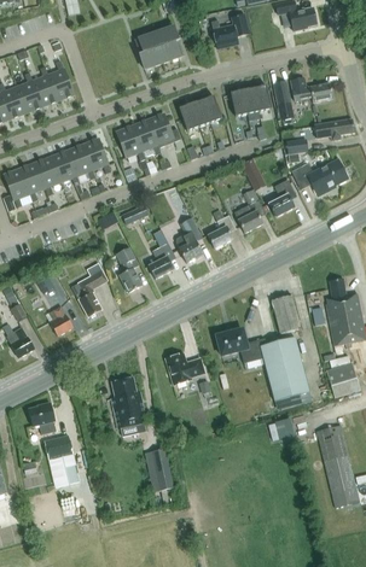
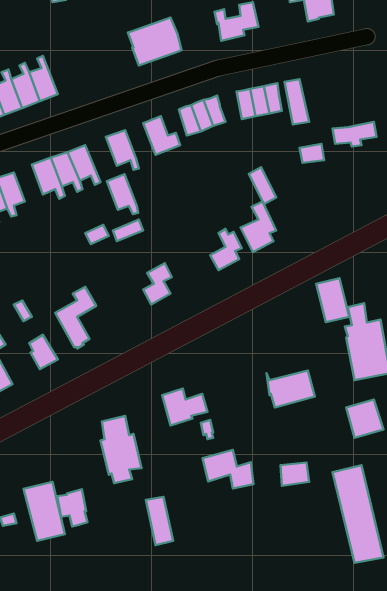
building: [290,78,332,104] -> none
building: [133,119,161,154] -> [107,174,138,214]
building: [35,156,60,195] -> none
building: [292,159,348,195] -> none
building: [269,180,296,217] -> none
building: [176,217,203,263] -> none
building: [116,247,143,292] -> none
building: [272,294,301,333] -> [316,278,349,322]
building: [215,328,260,362] -> [203,450,253,488]
building: [265,360,308,402] -> none
building: [29,402,56,434] -> [57,489,87,526]

